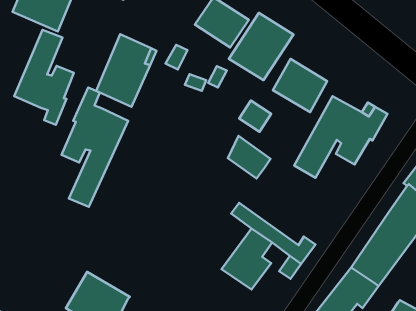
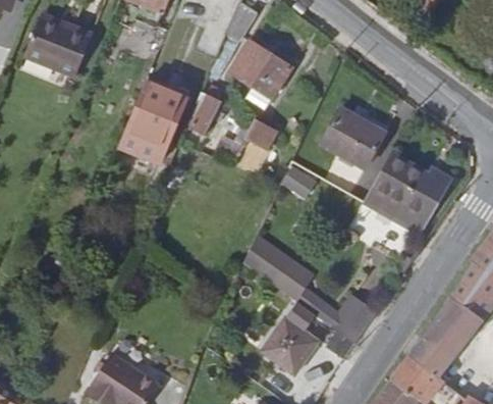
building: [229,13,293,80] -> none
building: [14,30,74,125] -> none
building: [62,87,128,207] -> none
building: [228,136,271,178] -> [242,239,291,288]

